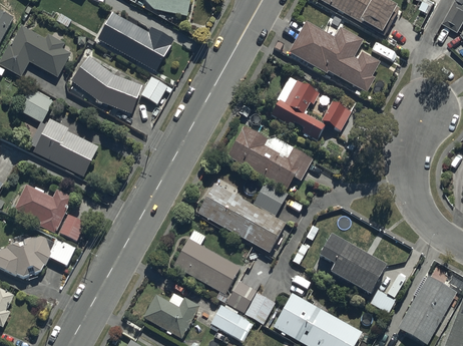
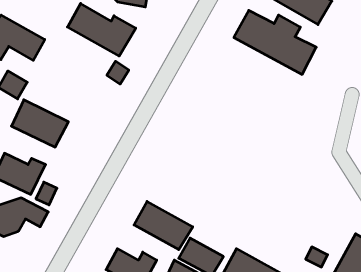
building: [71,55,142,112] -> none
building: [271,78,351,140] -> none
building: [226,121,311,192] -> none
building: [196,182,287,252] -> none
building: [318,232,386,293] -> none

